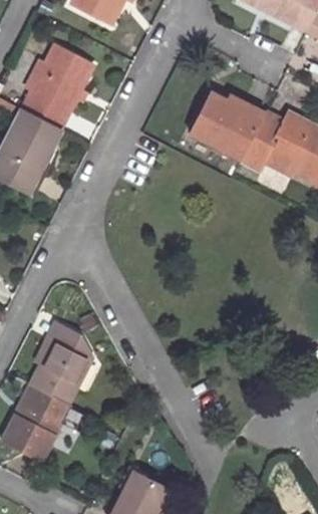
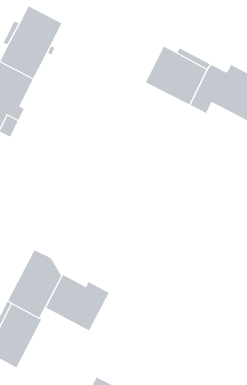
building: none -> [45,274,110,331]

